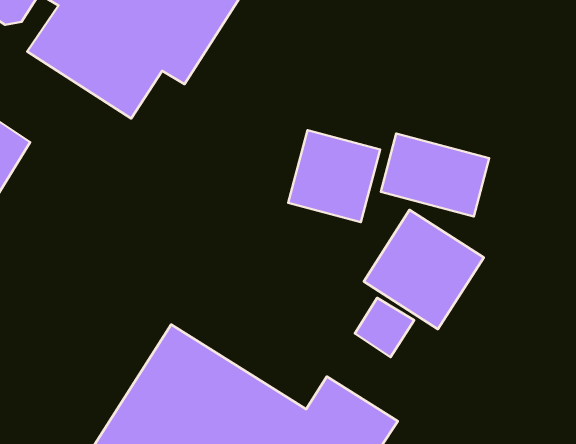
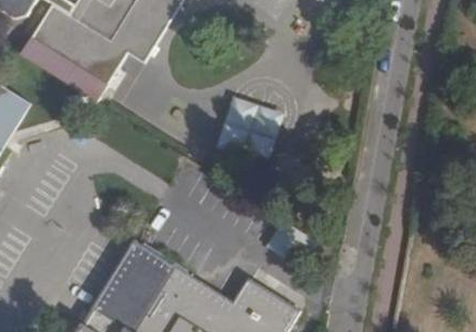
building: [381,134,489,217] -> none
building: [364,210,484,329] -> none

